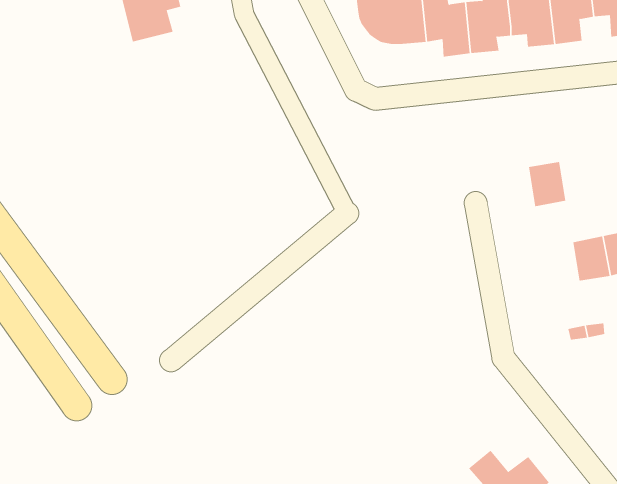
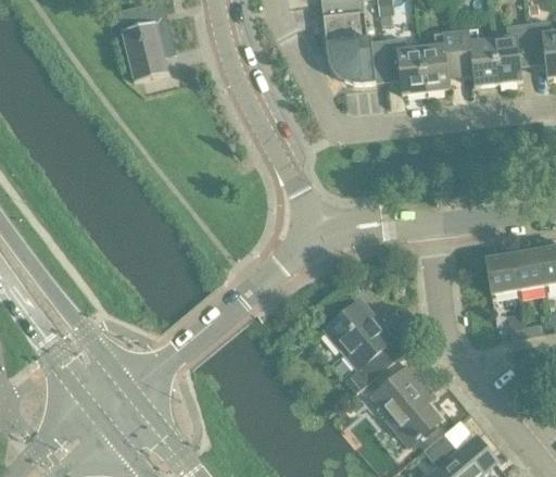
building: [528,162,566,207] -> [485,254,518,293]
building: none -> [324,294,405,392]
building: none -> [370,365,440,445]

